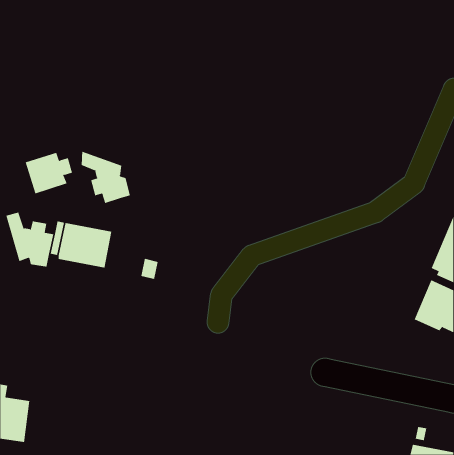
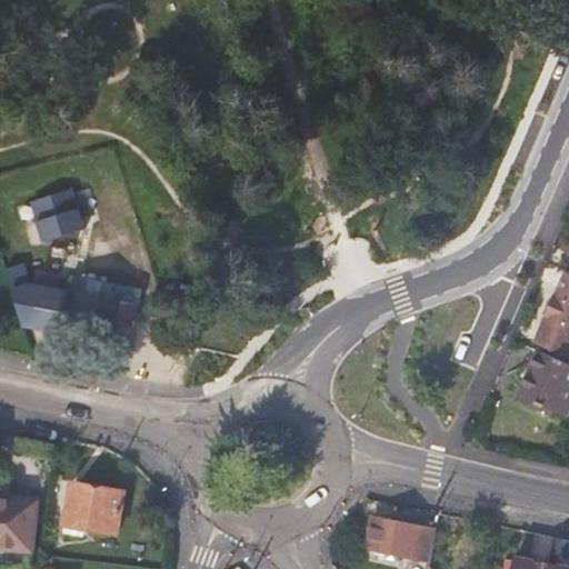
building: [81,151,130,204] -> none
building: none -> [60,483,124,539]
building: none -> [362,516,436,560]

